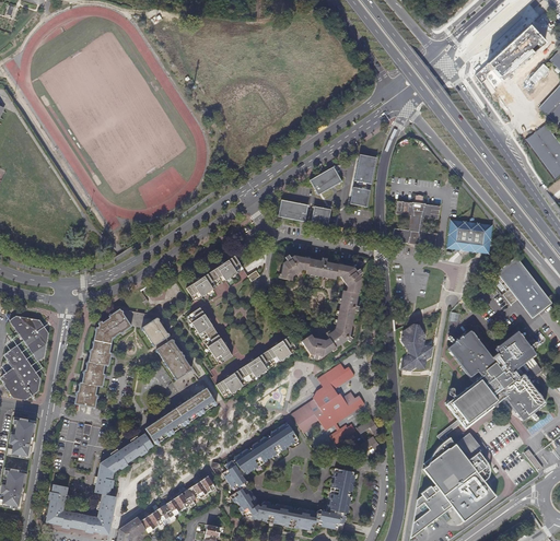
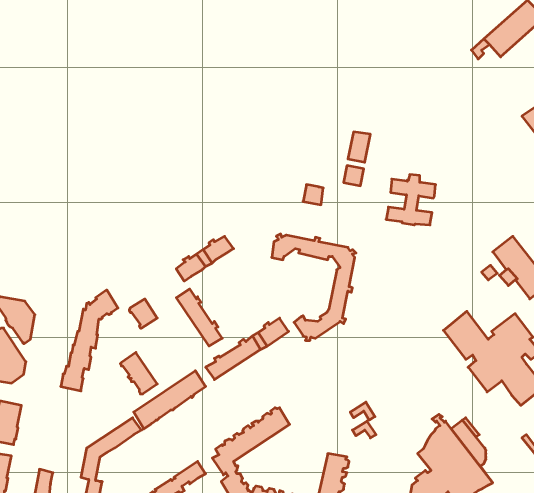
building: [310,166,342,195] -> none
building: [278,199,307,221] -> none
building: [450,222,490,250] -> none
building: [401,322,429,369] -> none
building: [155,339,191,379] -> [120,352,157,394]
building: [291,363,364,444] -> none
building: [443,384,490,432] -> none

